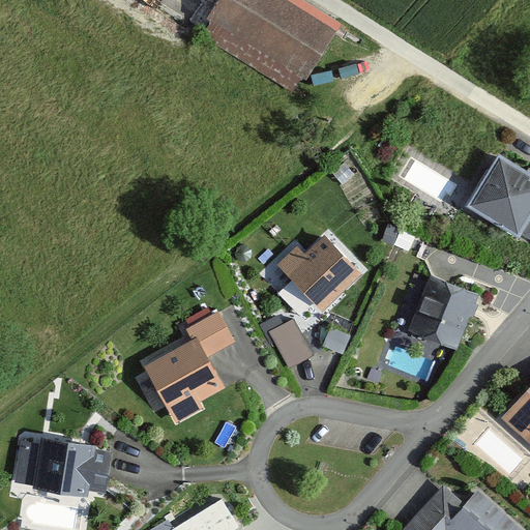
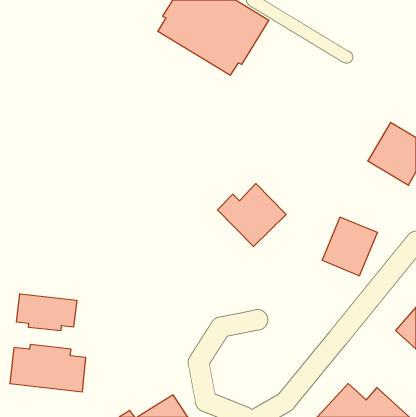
building: [144,312,235,425] -> none
building: [264,315,317,371] -> none
building: none -> [17,294,77,331]

